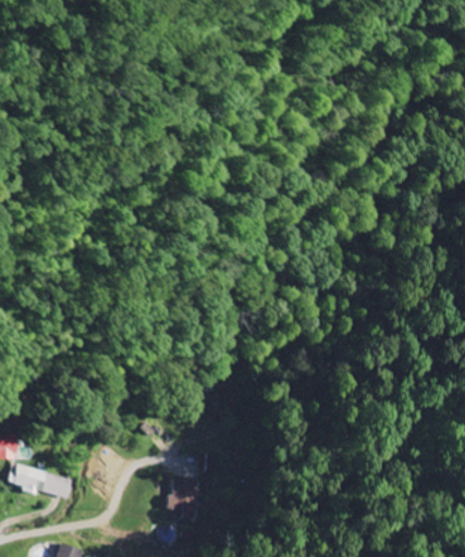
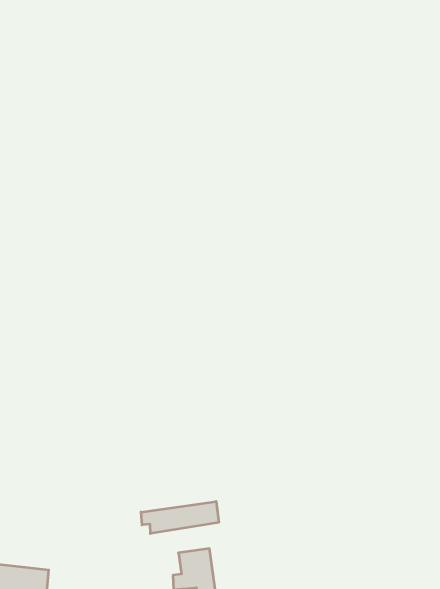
building: none -> [141,501,219,534]

